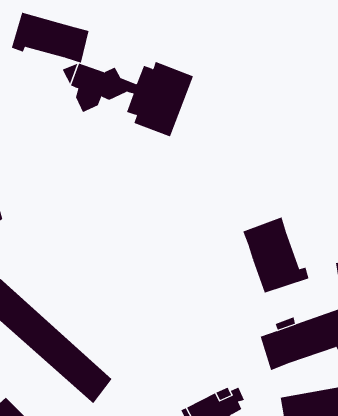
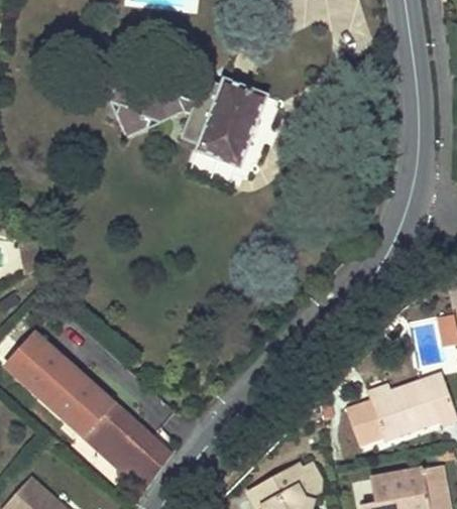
building: [11,12,89,63] -> none
building: [243,216,309,294] -> none

